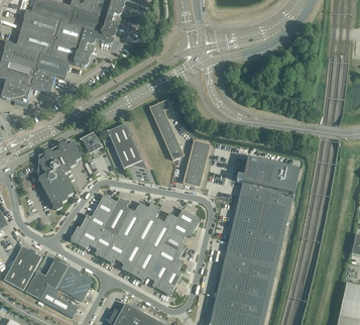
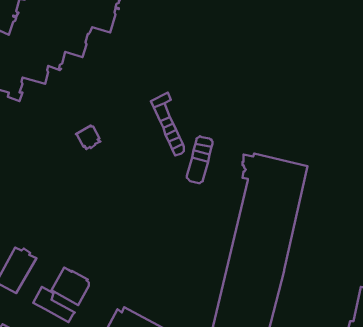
building: [107,123,146,168] -> none
building: [38,141,82,210] -> none
building: [71,195,201,295] -> none
building: [25,257,69,298] -> none

